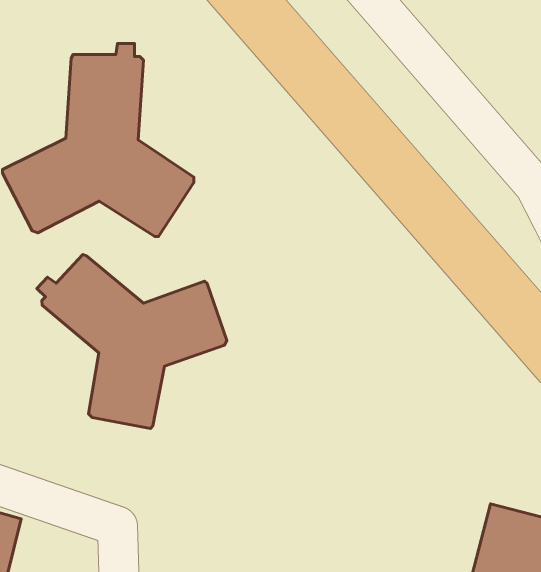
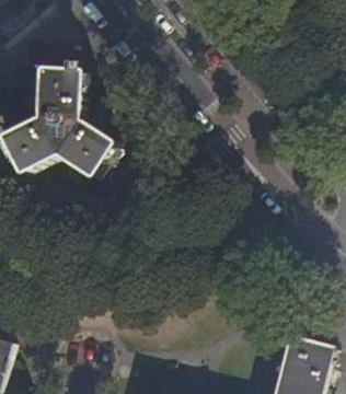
building: [37,255,227,428] -> none

